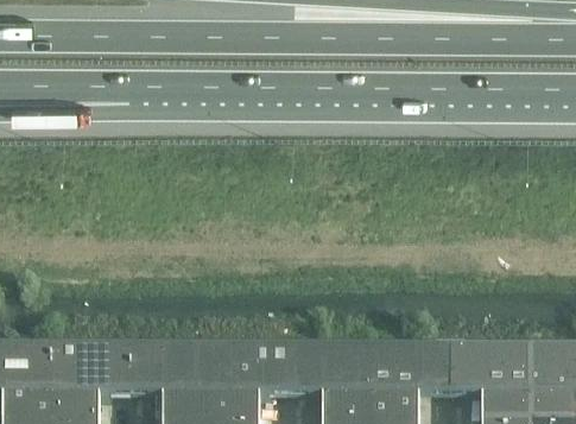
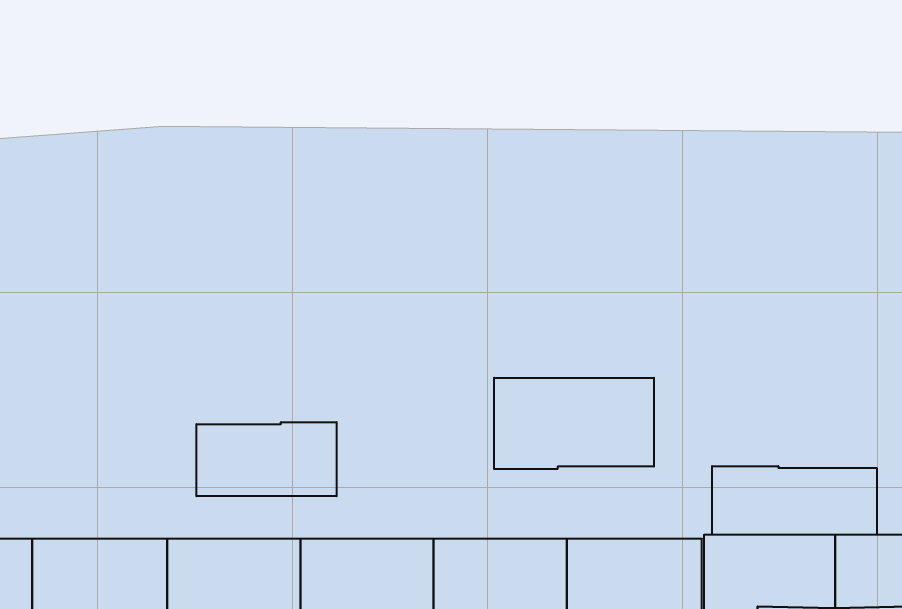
building: none -> [494,378,654,469]
building: none -> [196,422,337,496]
building: none -> [712,466,877,535]

